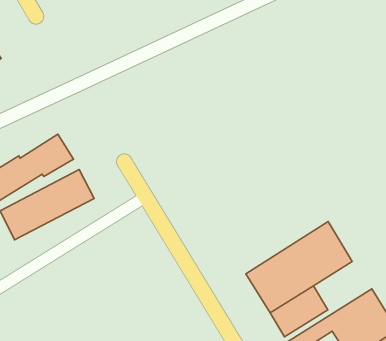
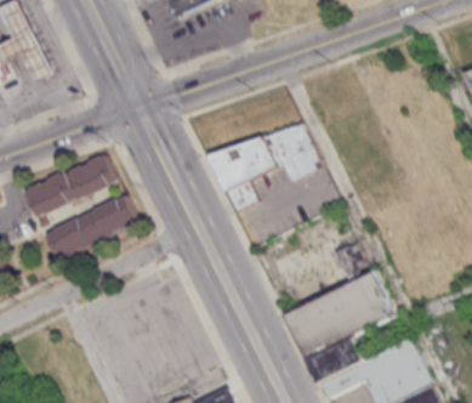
building: none -> [206,121,318,209]

